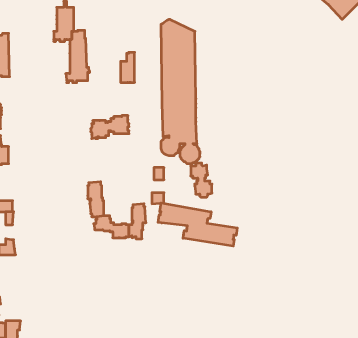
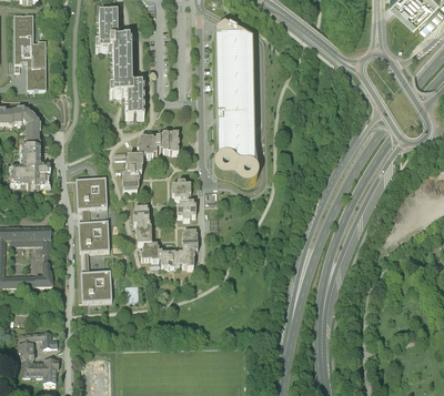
building: [121,52,135,82] -> [127,82,142,115]
building: none -> [122,155,142,191]
building: none -> [75,176,112,301]
building: [191,163,212,197] -> [172,181,195,219]
building: [158,203,237,246] -> none

